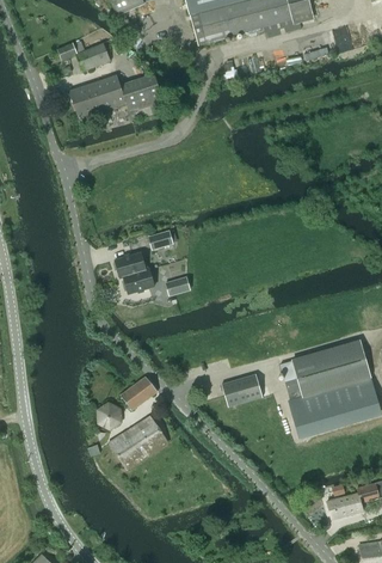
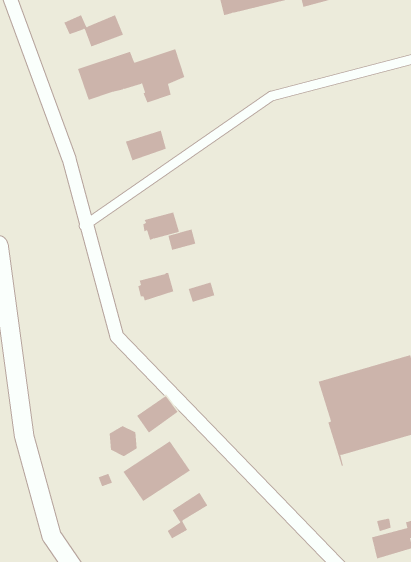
building: none -> [125,130,167,161]
building: [113,251,146,276] -> [143,212,179,240]
building: [221,373,263,405] -> none
building: none -> [167,492,208,539]

